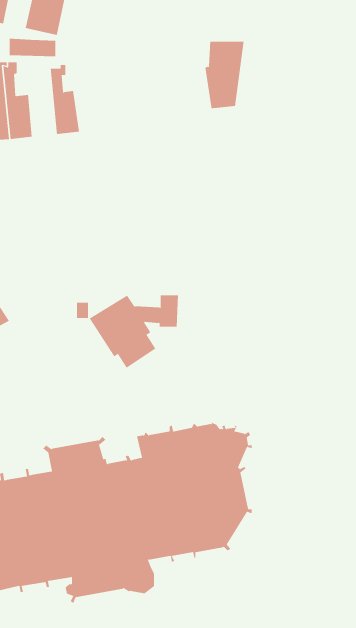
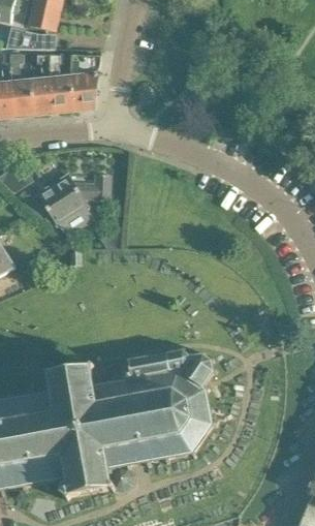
building: [204,41,244,109] -> [67,55,100,111]
building: none -> [30,54,56,115]
building: [89,295,179,369] -> [35,174,109,235]

